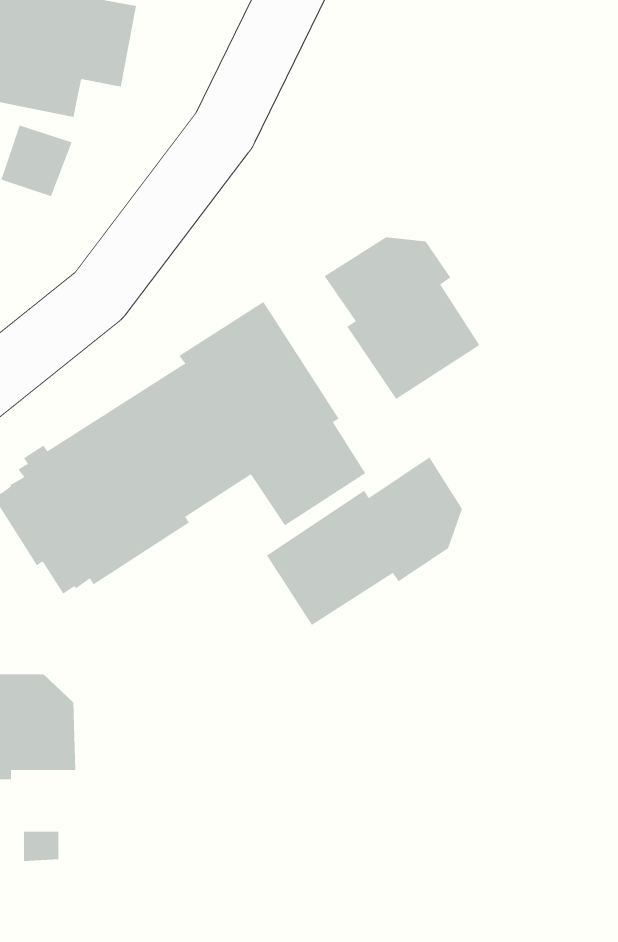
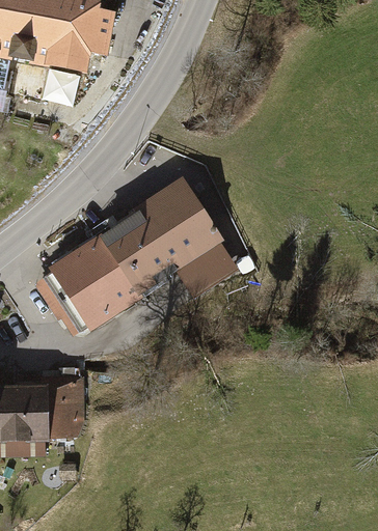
building: [324,236,480,400] -> none
building: [266,457,462,626] -> none

